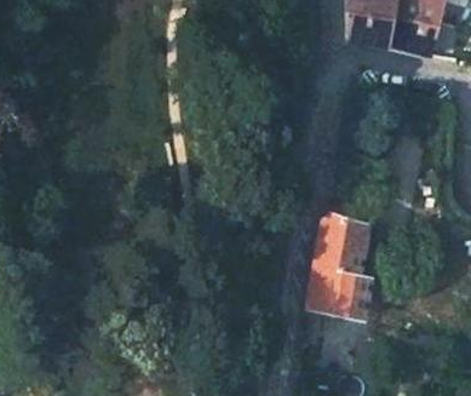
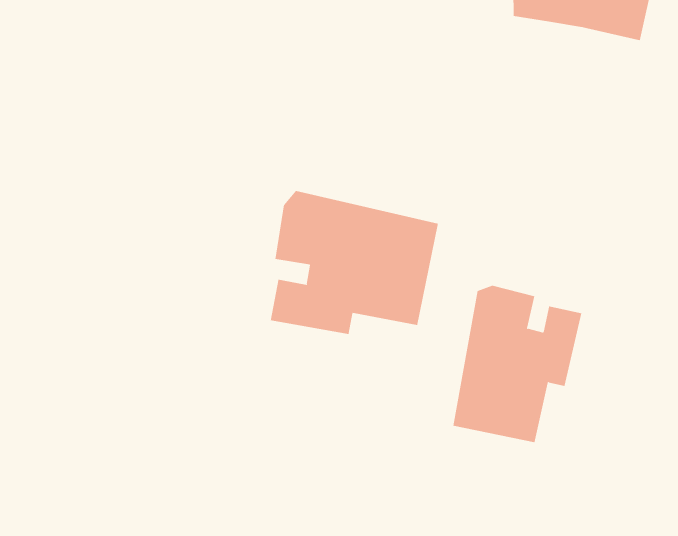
building: none -> [270,190,438,335]

